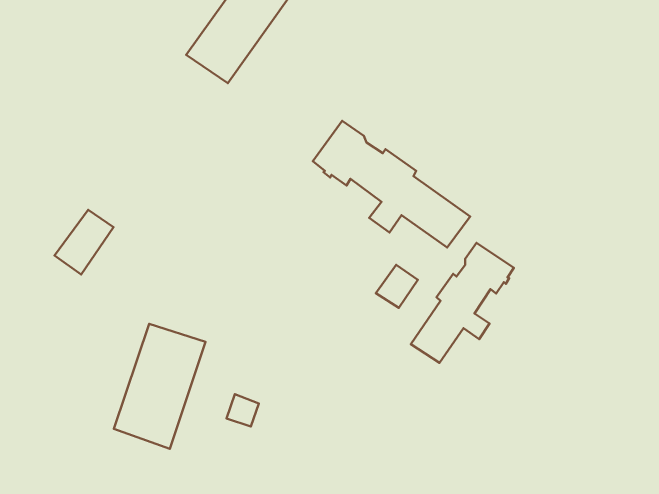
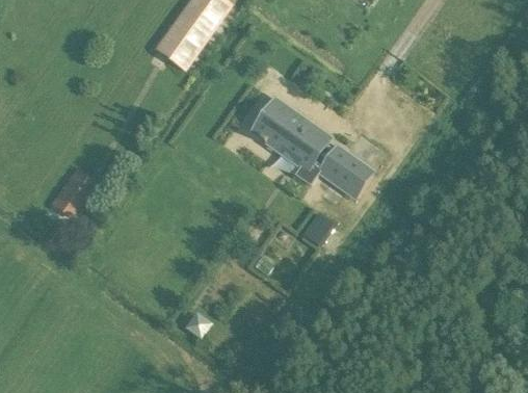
building: [411,243,514,363] -> none
building: [114,324,205,449] -> none

